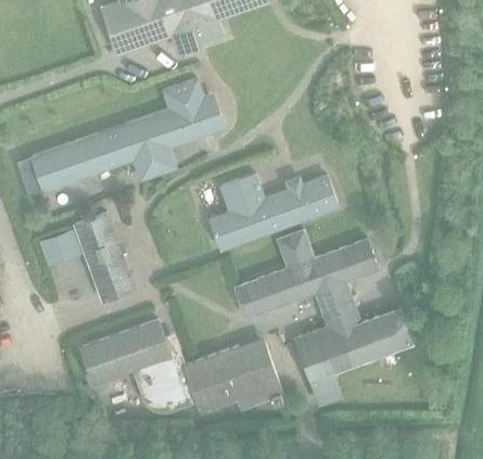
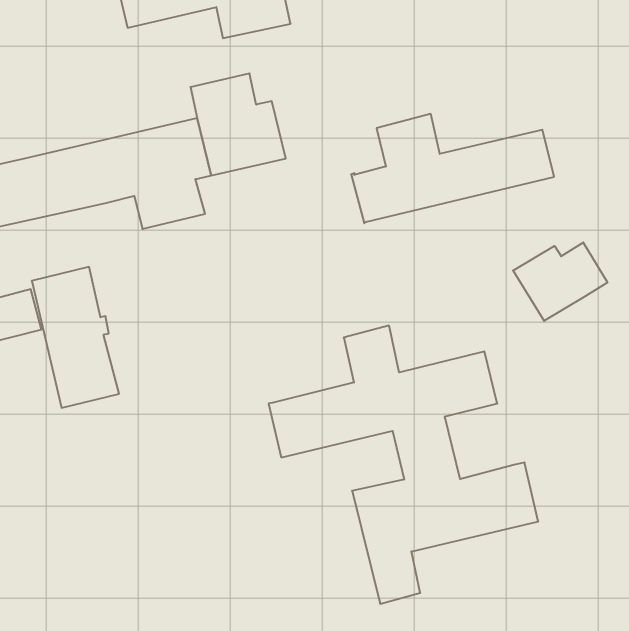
building: none -> [513,242,607,321]
building: [208,174,339,248] -> [351,114,554,223]
building: [79,323,281,413] -> none

